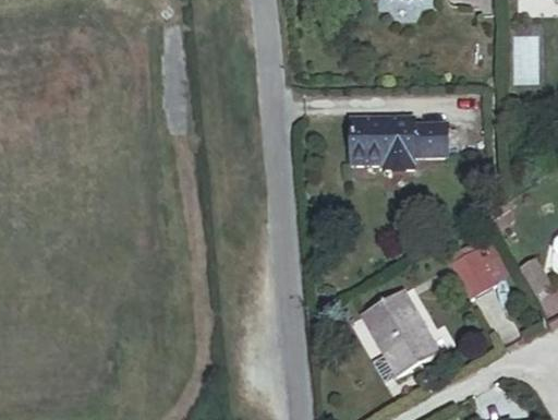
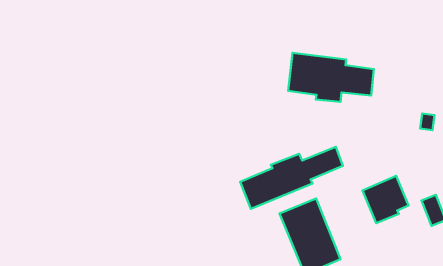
building: none -> [240,147,343,209]

